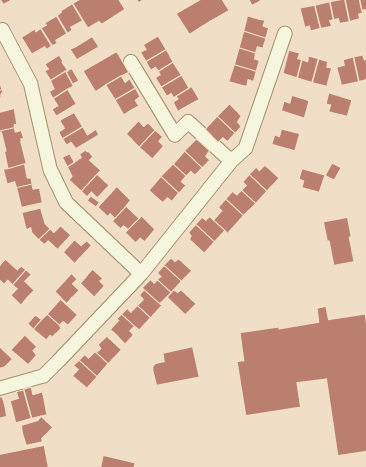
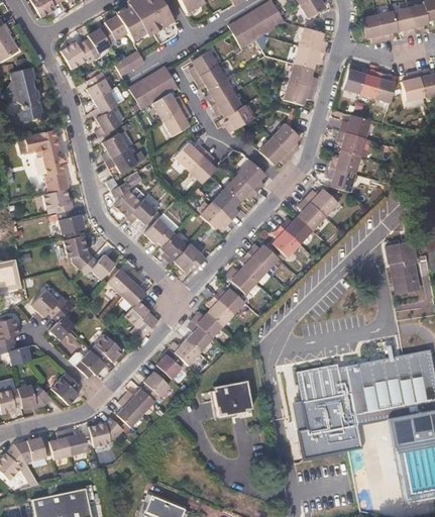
building: [326,93,352,116] -> [338,129,366,154]
building: [299,169,325,192] -> [328,166,356,191]
building: [55,274,79,304] -> [119,275,145,307]
building: [167,290,196,315] -> [227,268,258,295]
building: [21,416,53,445] -> [90,417,124,448]

